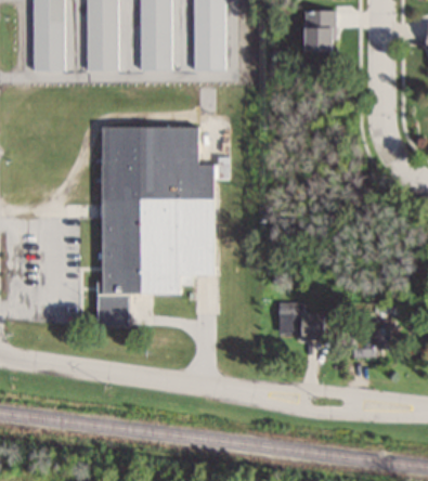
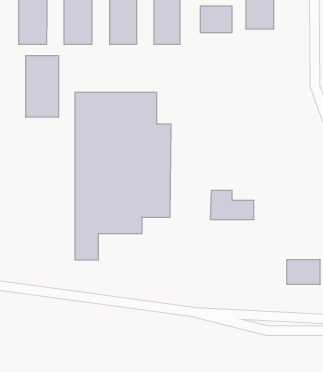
building: none -> [200,6,232,33]
building: none -> [26,56,59,117]
building: [278,302,330,337] -> [210,190,254,220]

